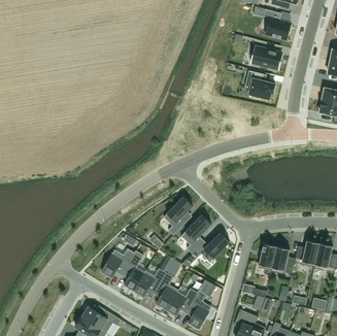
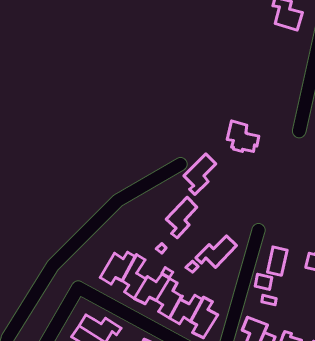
building: [251,46,281,68] -> none
building: [244,69,274,98] -> [227,121,259,152]
building: [180,214,210,253] -> [184,154,216,195]
building: [270,245,294,273] -> none

